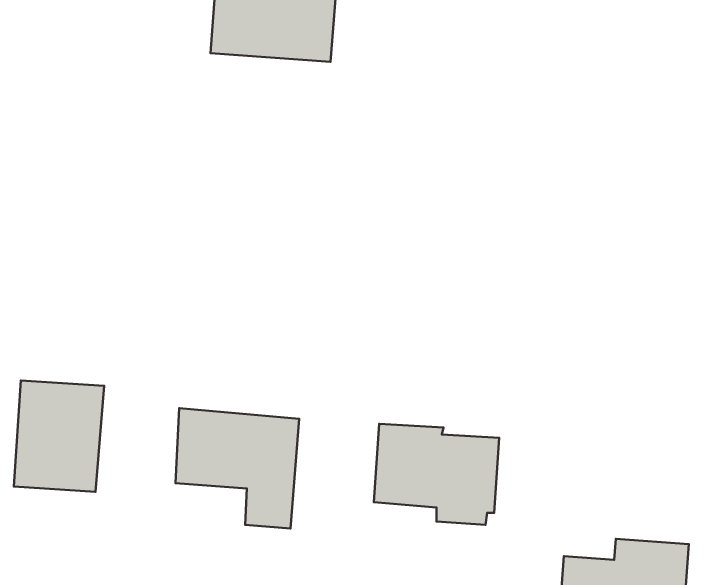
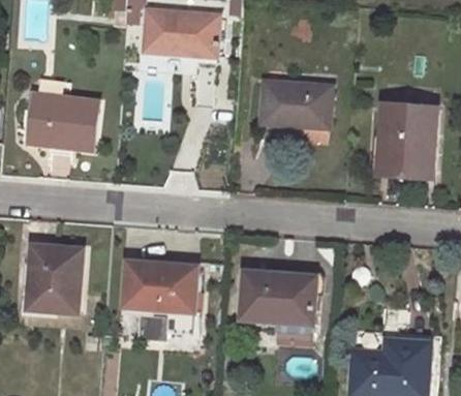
building: none -> [263,81,333,126]
building: none -> [28,93,98,150]
building: none -> [378,103,438,174]

